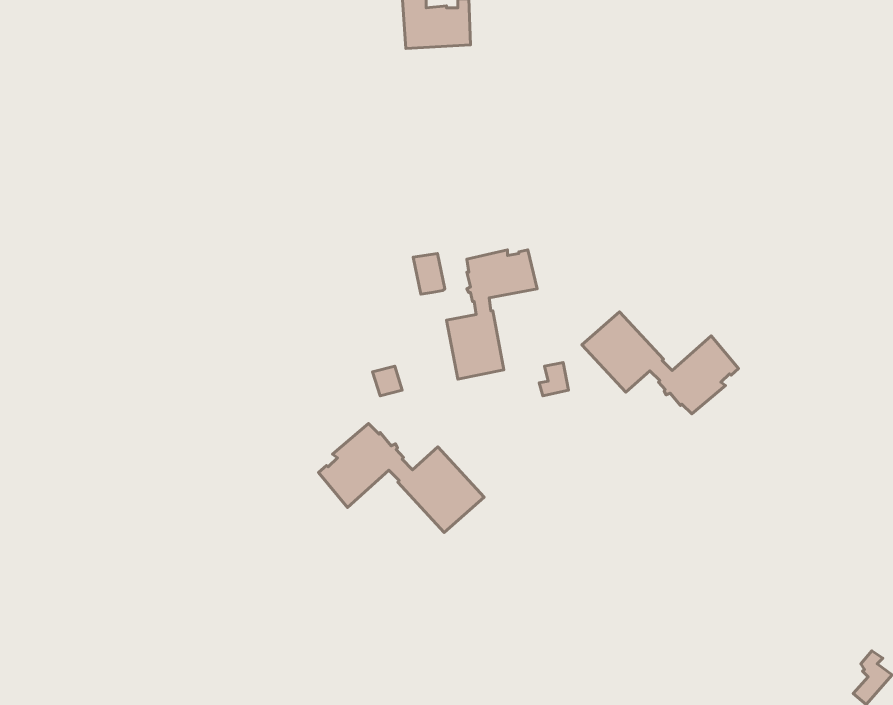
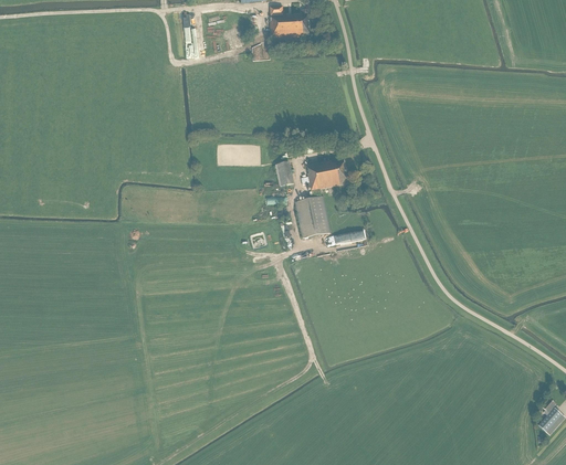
building: [582,312,739,414] -> none
building: [319,424,484,533] -> none

